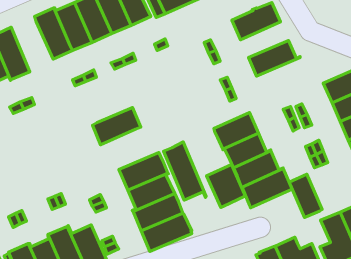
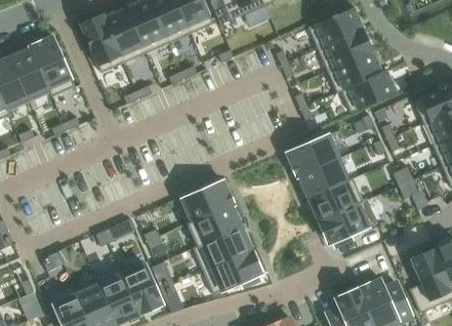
building: none -> [318,29,373,70]
building: none -> [336,70,397,112]
building: [92,108,141,145] -> none
building: [164,142,206,200] -> none
building: [207,165,246,208] -> none
building: [289,174,322,217] -> none

